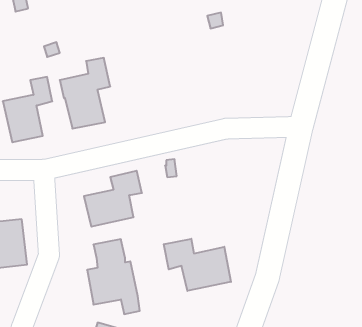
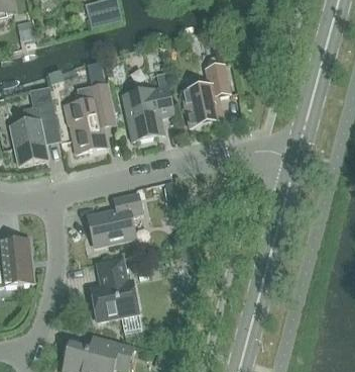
building: none -> [182,63,229,127]
building: none -> [123,86,172,138]
building: [164,239,231,291] -> none

